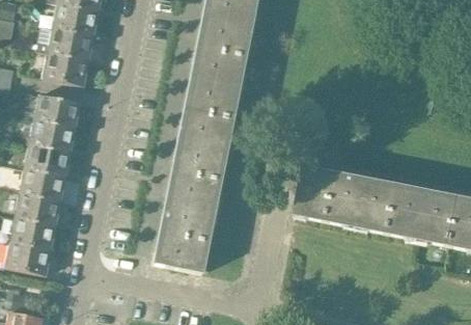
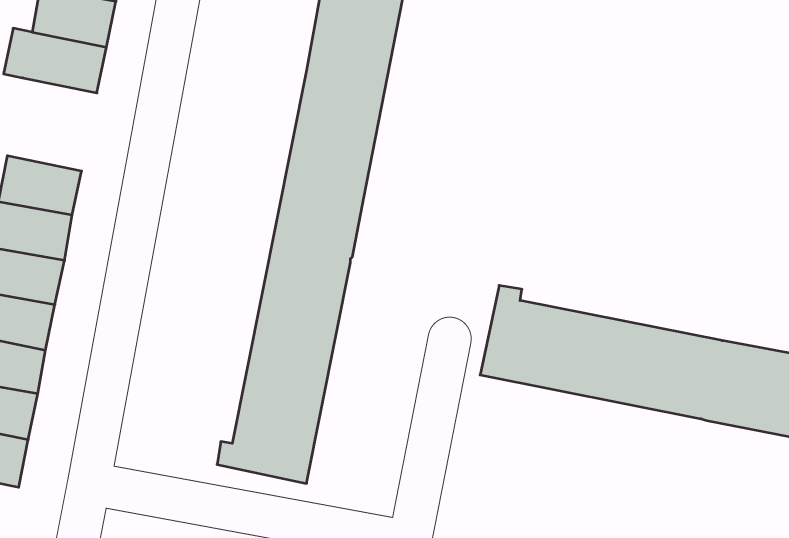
building: [43,52,88,86] -> none

